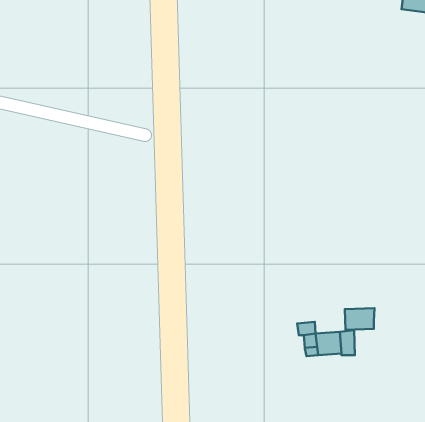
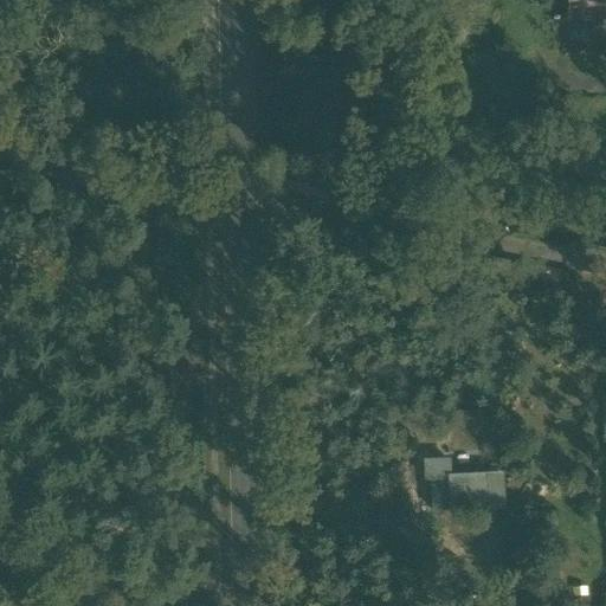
building: [345,308,374,330] -> none

